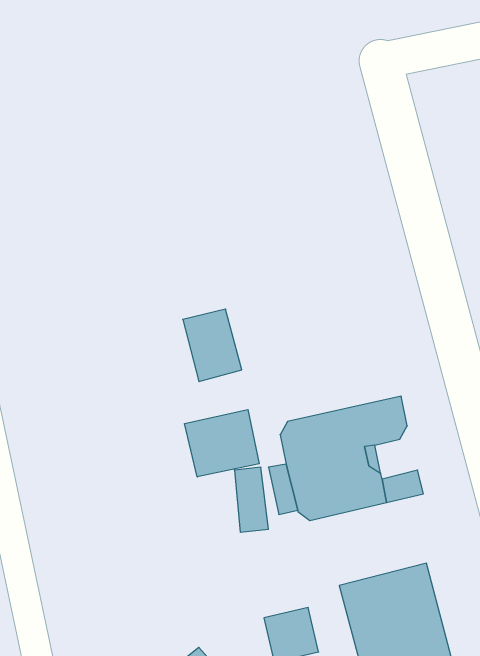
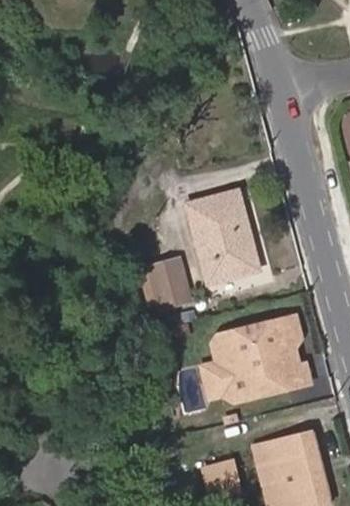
building: none -> [186,191,256,280]
building: [185,410,259,477] -> none

